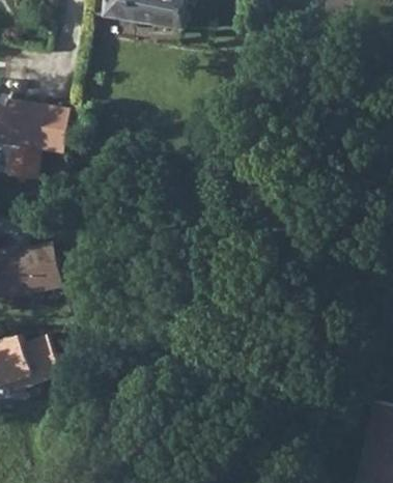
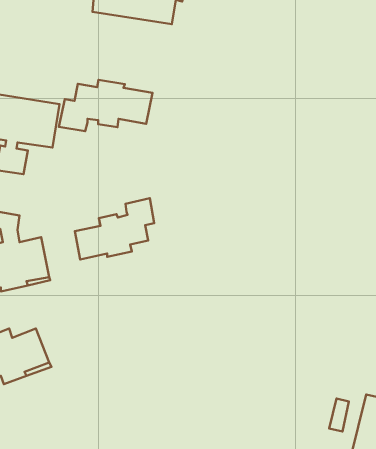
building: none -> [59,80,153,131]
building: none -> [75,198,154,259]

